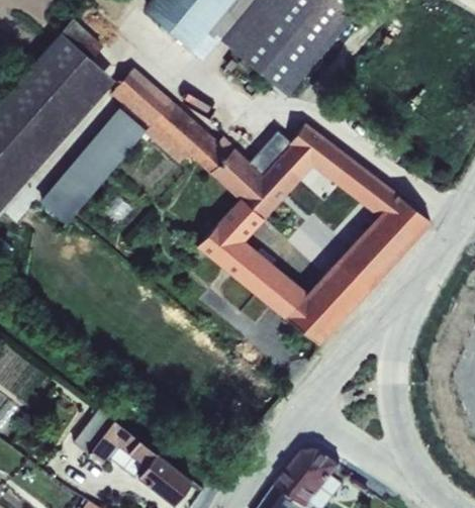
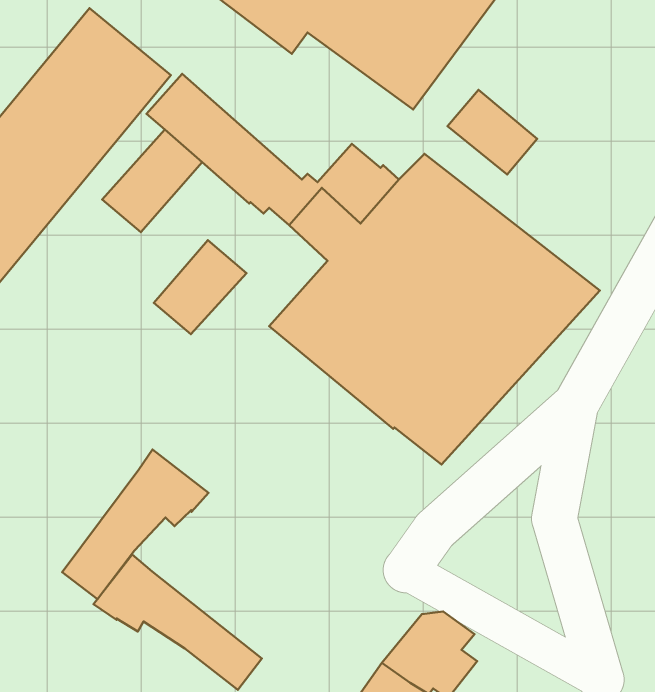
building: none -> [448,90,537,175]
building: [38,157,104,223] -> [154,240,246,334]
building: none -> [62,450,208,599]

